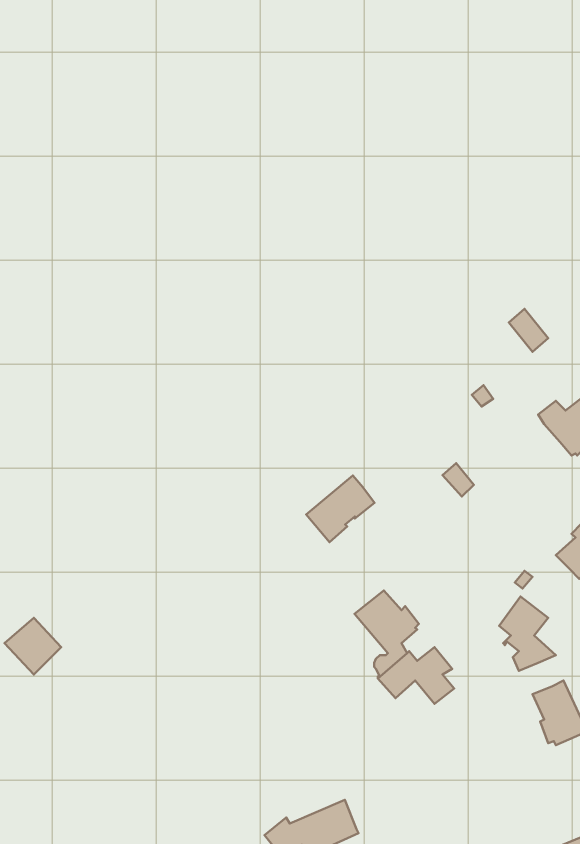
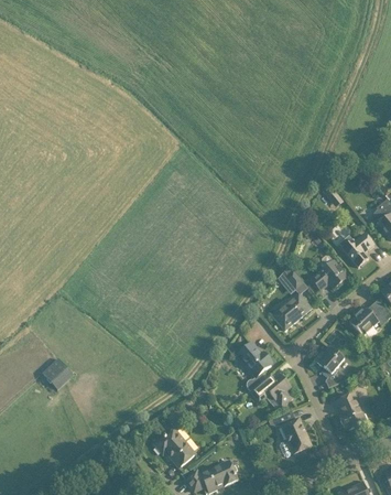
building: none -> [311,255,346,289]
building: [306,476,374,542] -> [271,292,309,330]
building: none -> [267,409,311,455]
building: none -> [153,429,195,466]

